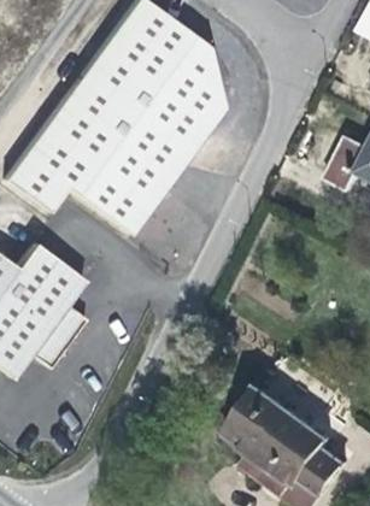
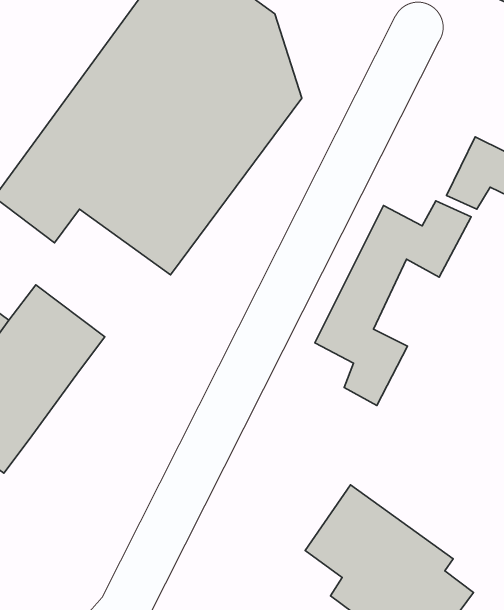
building: none -> [315,201,471,406]
building: [28,305,83,369] -> none

